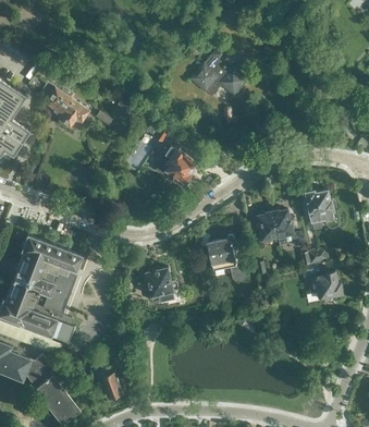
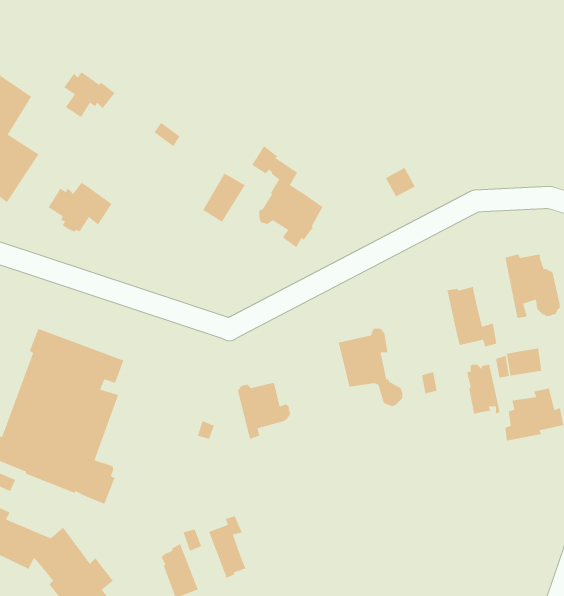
building: [190,44,248,97] -> none
building: [49,94,88,127] -> [47,177,113,233]
building: [257,212,278,243] -> [466,364,501,414]
building: none -> [208,515,247,579]

